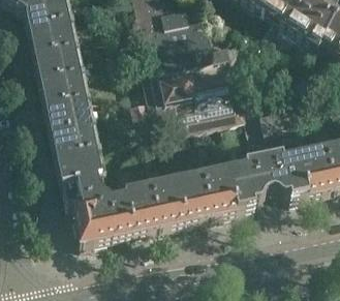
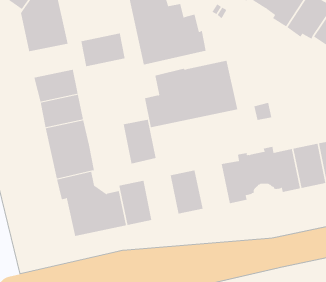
building: [33,47,79,81] -> [80,33,125,67]
building: [202,168,236,213] -> none
building: [150,179,184,224] -> [123,119,157,164]

